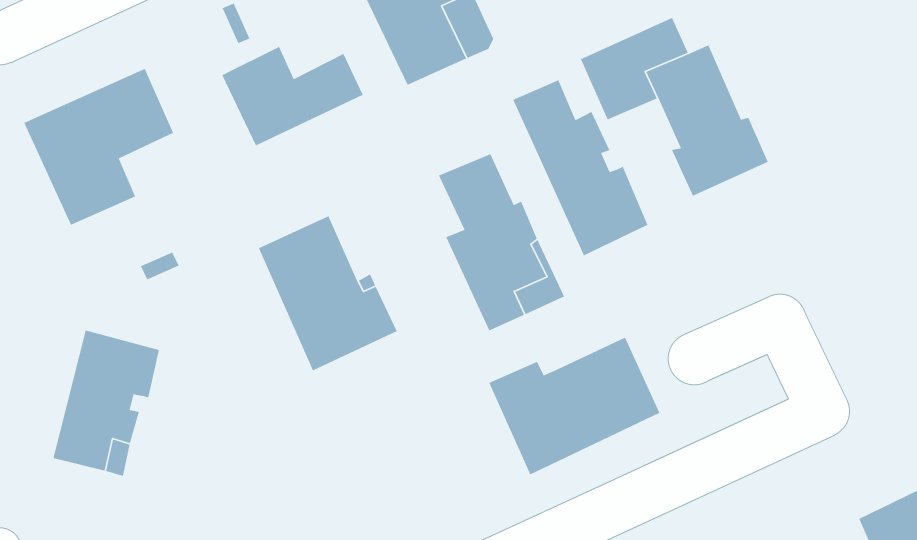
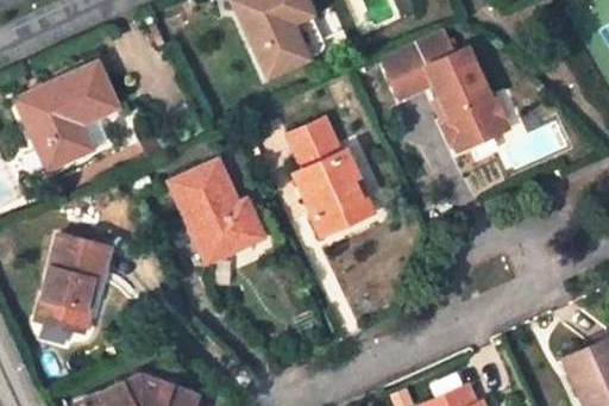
building: [221,46,364,146] -> none
building: [512,79,649,256] -> none
building: [488,336,660,475] -> none

